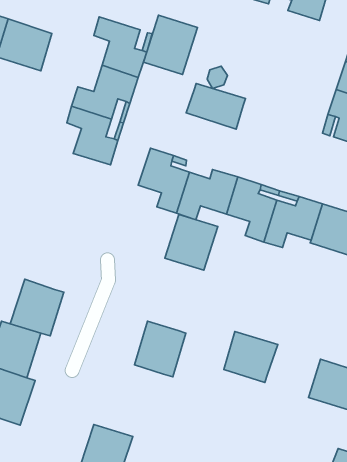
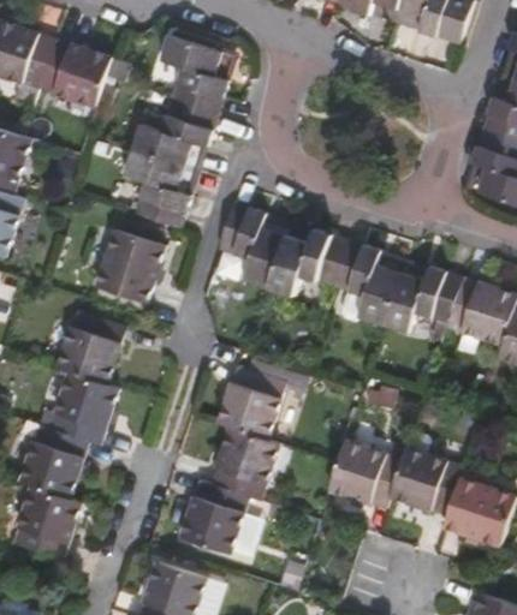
building: [144,15,197,74] -> none
building: [186,83,246,129] -> none
building: none -> [99,226,166,298]
building: [165,214,218,270] -> [219,368,287,440]
building: none -> [59,312,127,387]
building: none -> [385,447,458,515]
building: none -> [182,480,250,555]

